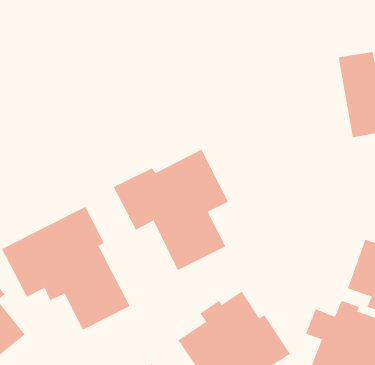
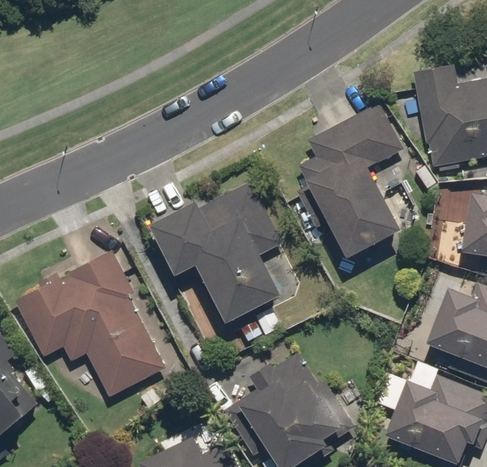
building: none -> [296,102,405,259]

